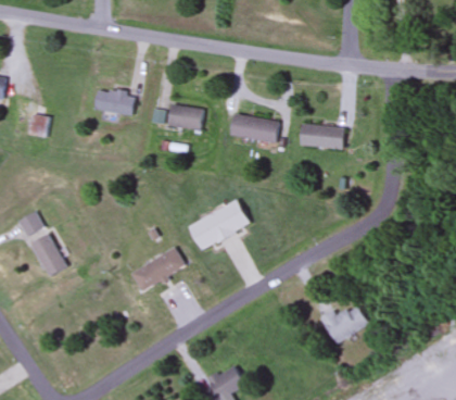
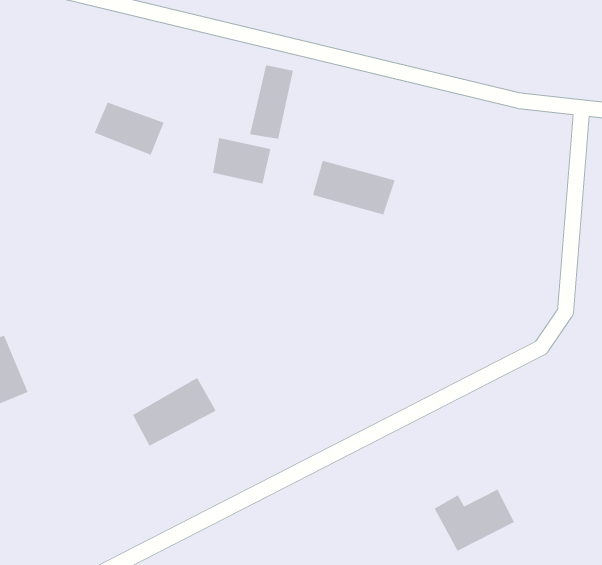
building: none -> [249,65,294,140]
building: [300,123,344,148] -> none
building: [188,199,251,253] -> none

